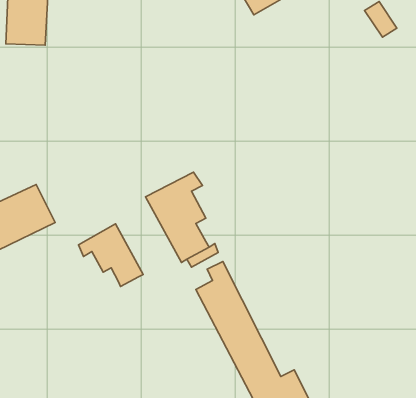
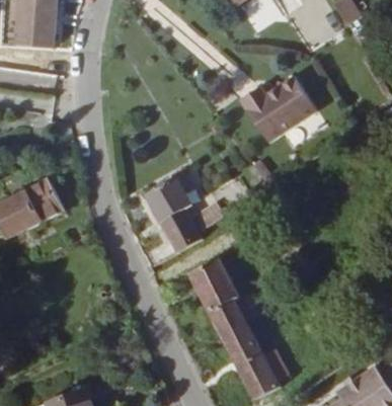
building: none -> [242,78,317,142]
building: [78,224,143,286] -> none

